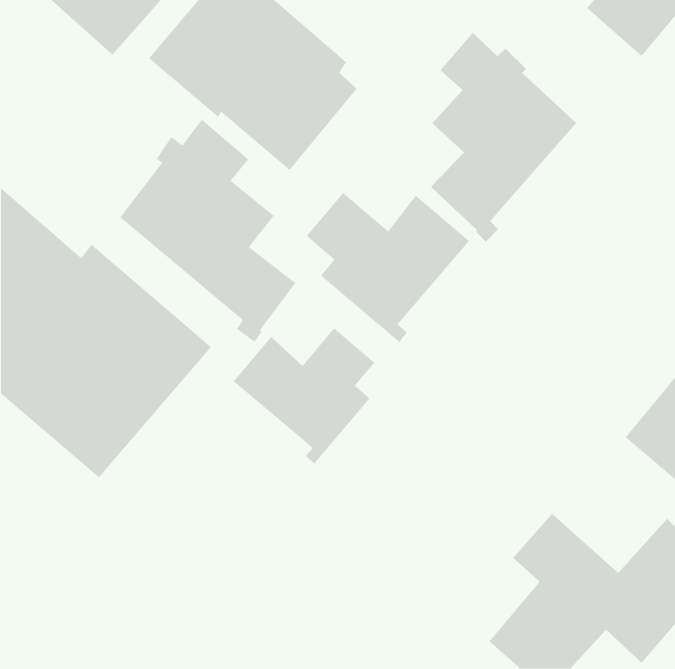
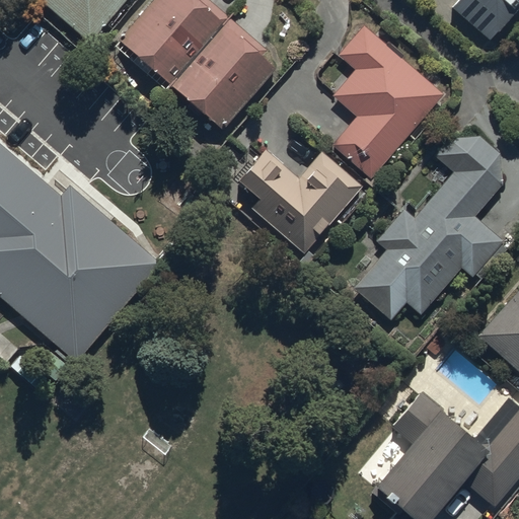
building: [119,119,296,343] -> none
building: none -> [352,121,509,319]
building: [233,328,375,464] -> none

